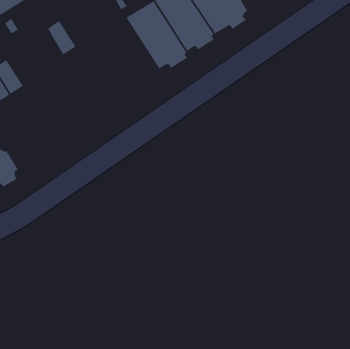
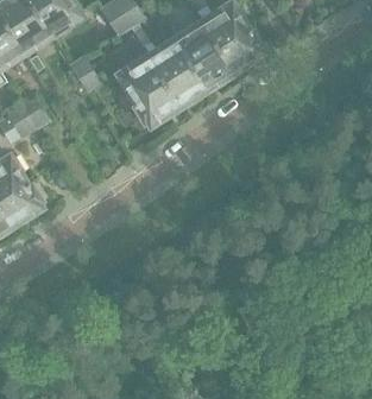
building: none -> [116,55,178,128]

